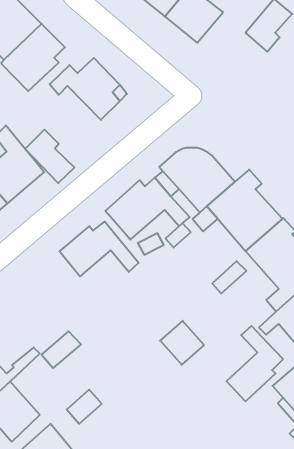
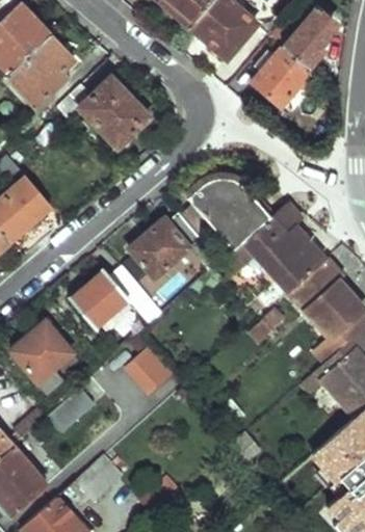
building: none -> [256,45,315,104]
building: [25,130,74,183] -> none
building: none -> [11,320,74,392]
building: [160,321,204,365] -> [123,347,174,398]
building: [226,326,283,401] -> none

